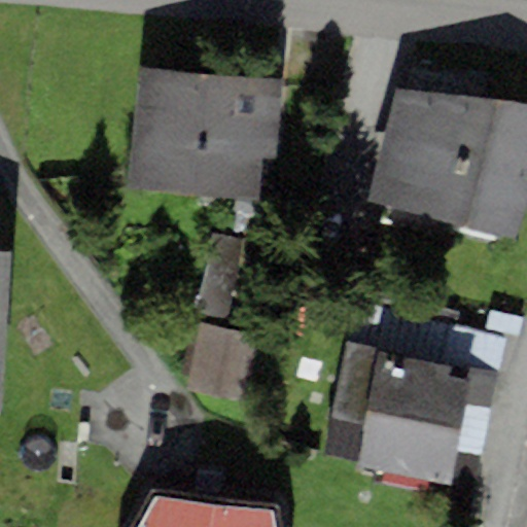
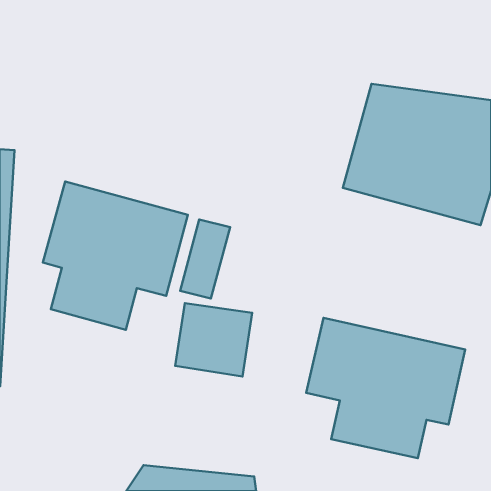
building: [128,66,281,201] -> none
building: none -> [43,182,188,330]

